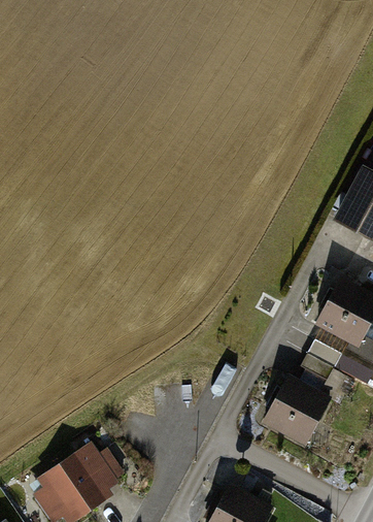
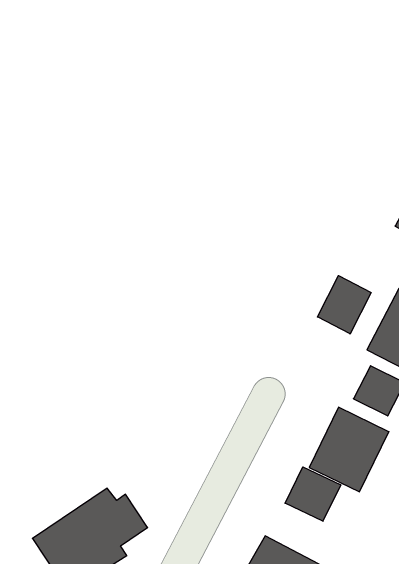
building: none -> [317,276,371,334]
building: none -> [285,467,341,521]

